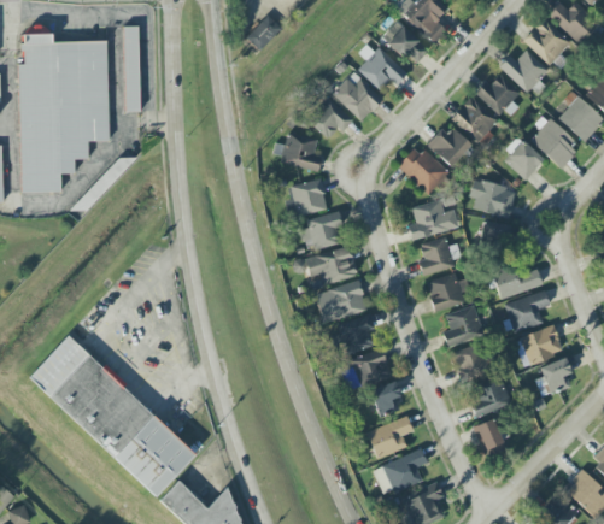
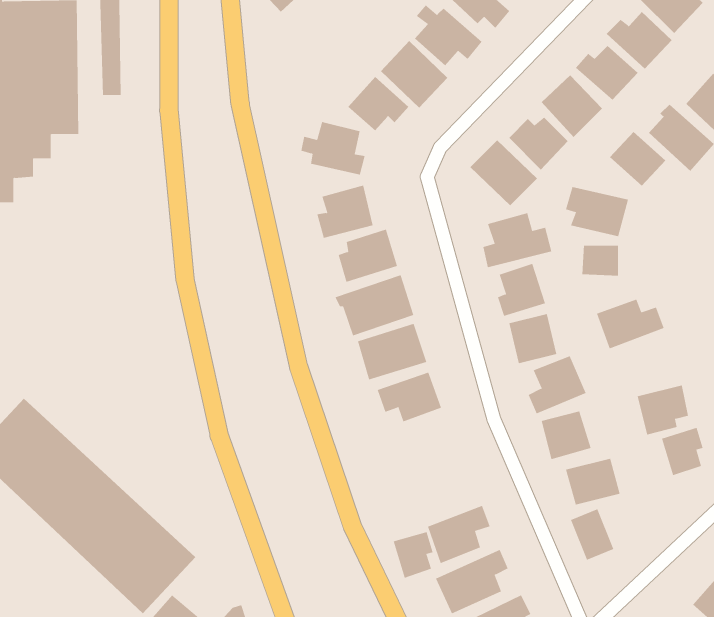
building: [503,290,550,334] -> none
building: [347,351,391,387] -> none
building: [370,382,400,417] -> [393,531,434,579]

